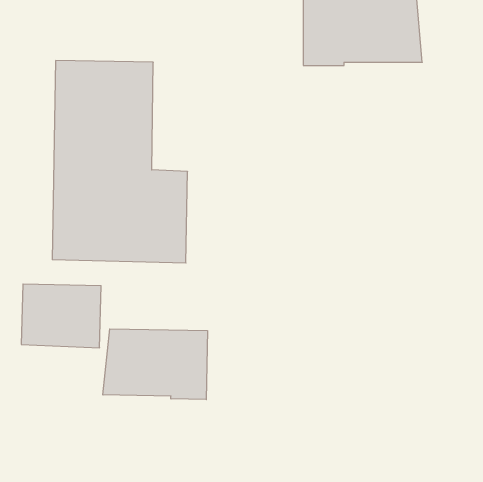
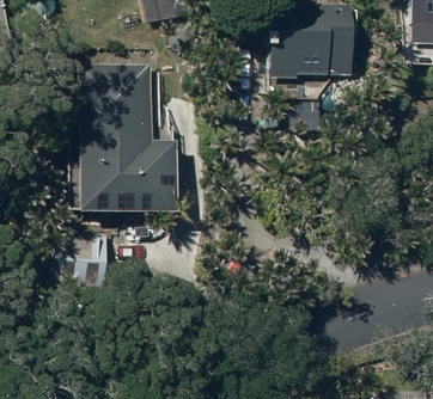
building: [103,329,207,400] -> none

